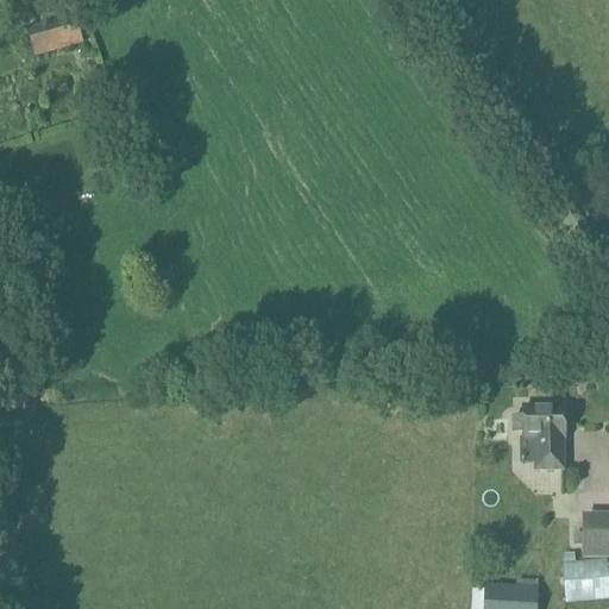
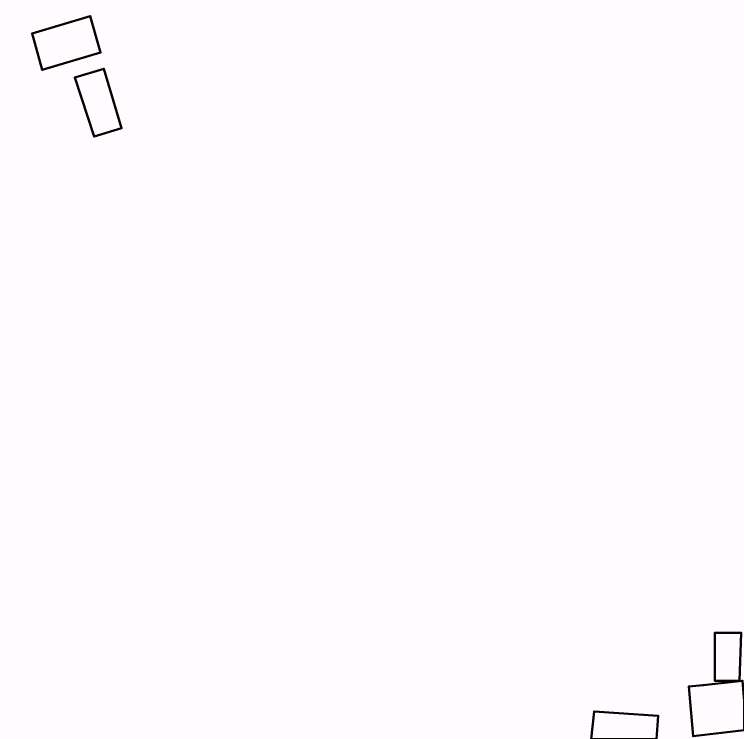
building: none -> [75,69,122,136]
building: [511,407,565,471] -> none

